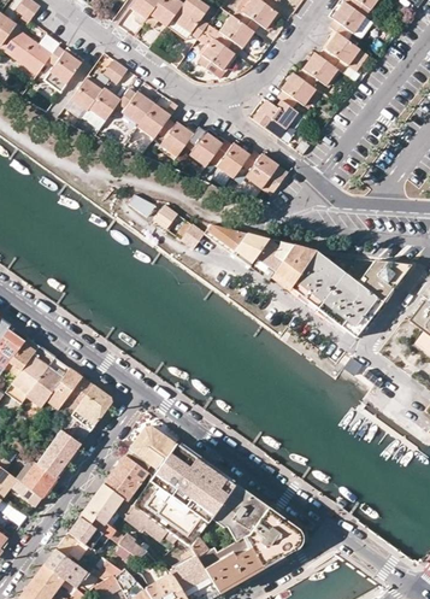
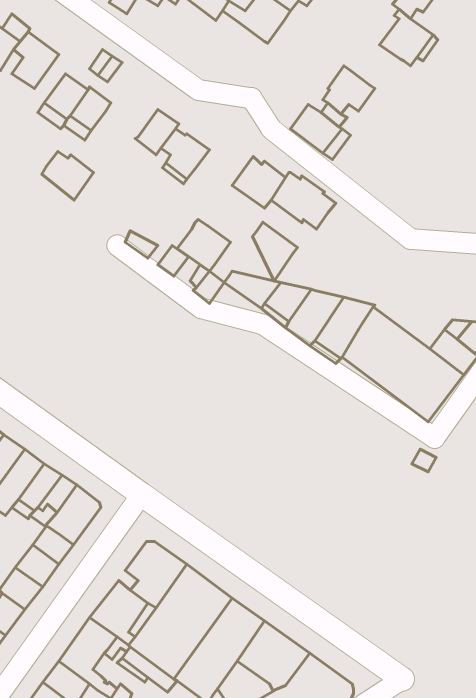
building: [199,39,234,77] -> none
building: [298,52,337,86] -> none
building: [116,88,154,124] -> [42,152,94,200]
building: [182,127,222,165] -> [177,219,231,271]
building: none -> [253,222,297,281]

